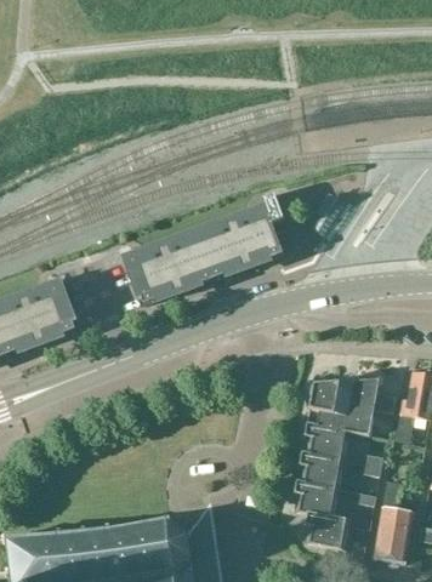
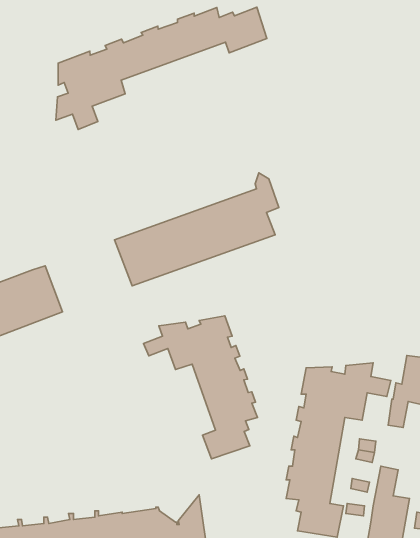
building: none -> [56,7,267,129]
building: none -> [143,316,257,459]

